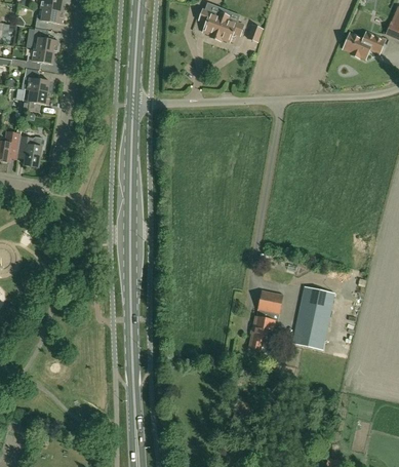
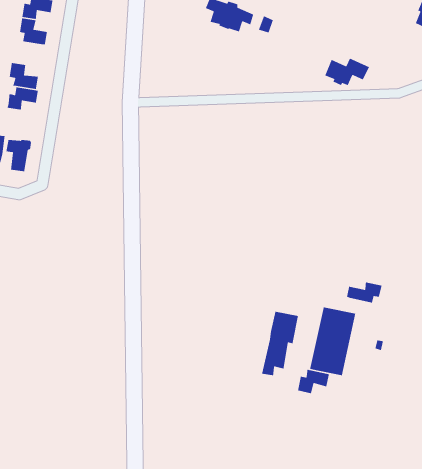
building: [344,31,385,56] -> [324,58,370,86]
building: [26,47,54,69] -> none
building: none -> [346,281,382,303]
building: none -> [297,368,330,394]

